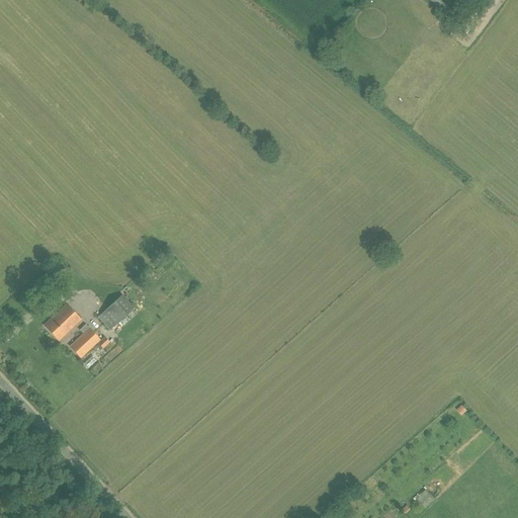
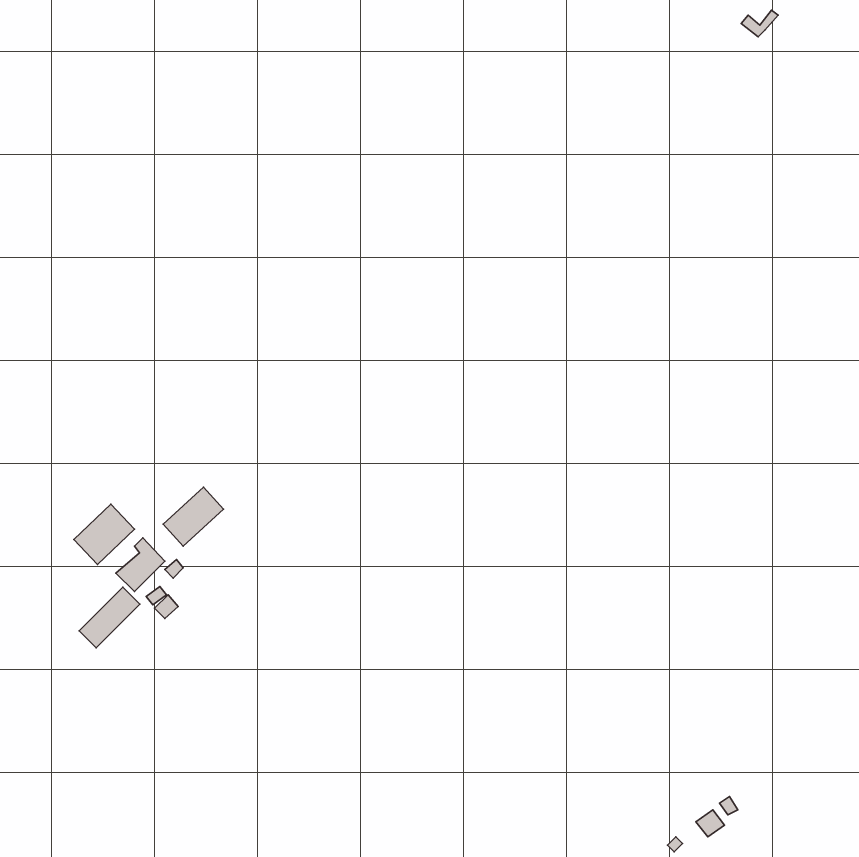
building: none -> [79,587,140,648]

